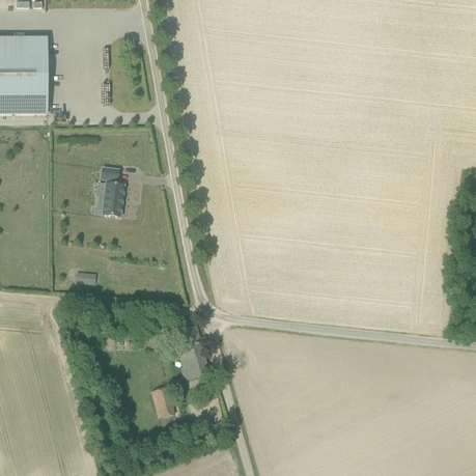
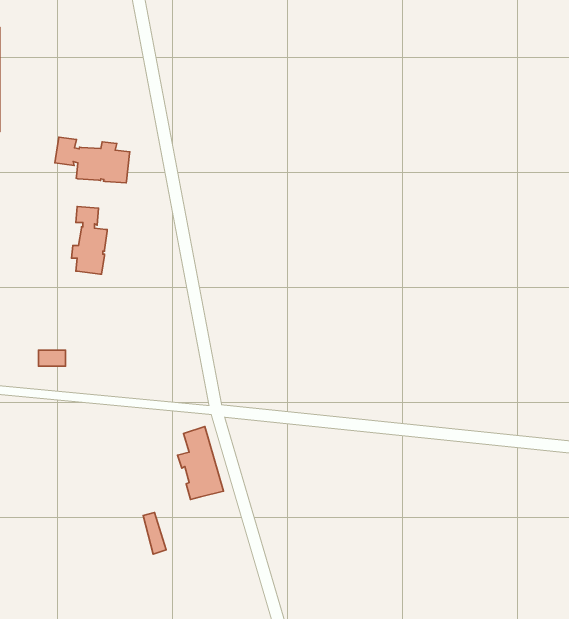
building: none -> [55,137,130,183]

